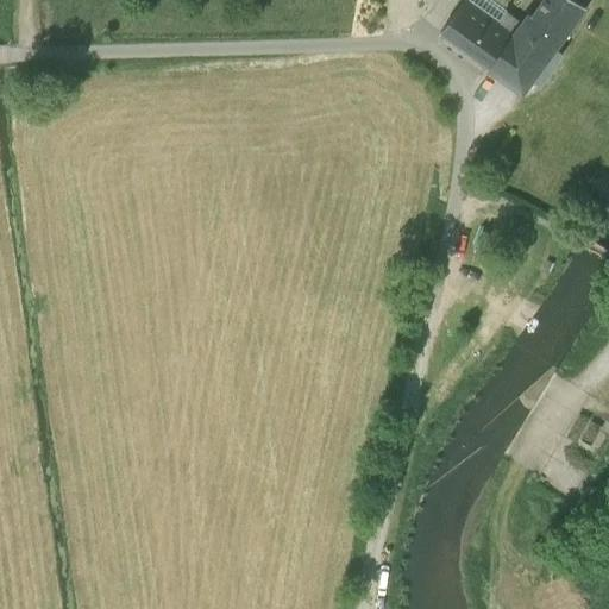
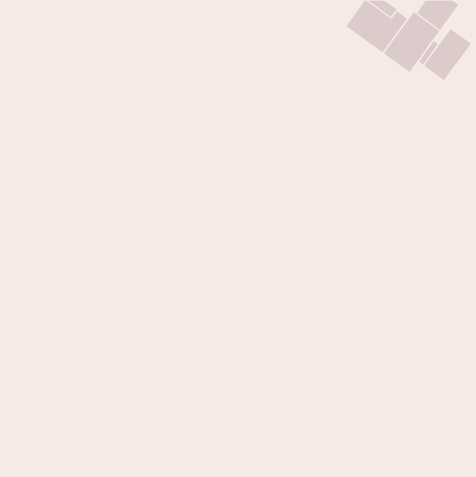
building: none -> [423,28,472,81]

